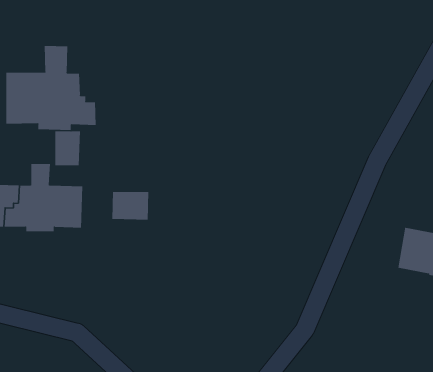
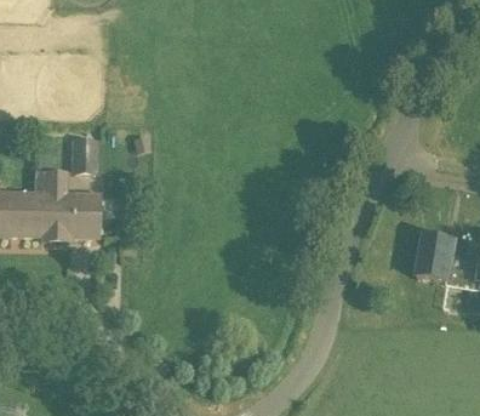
building: [6,45,96,131] -> none
building: [112,191,149,221] -> none

